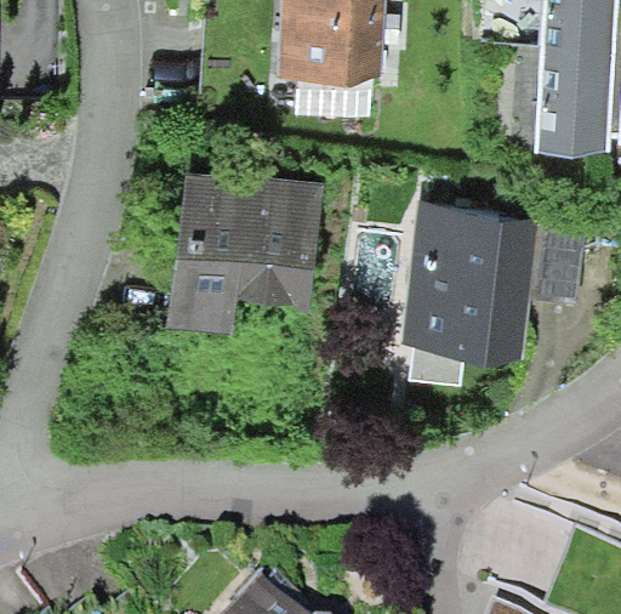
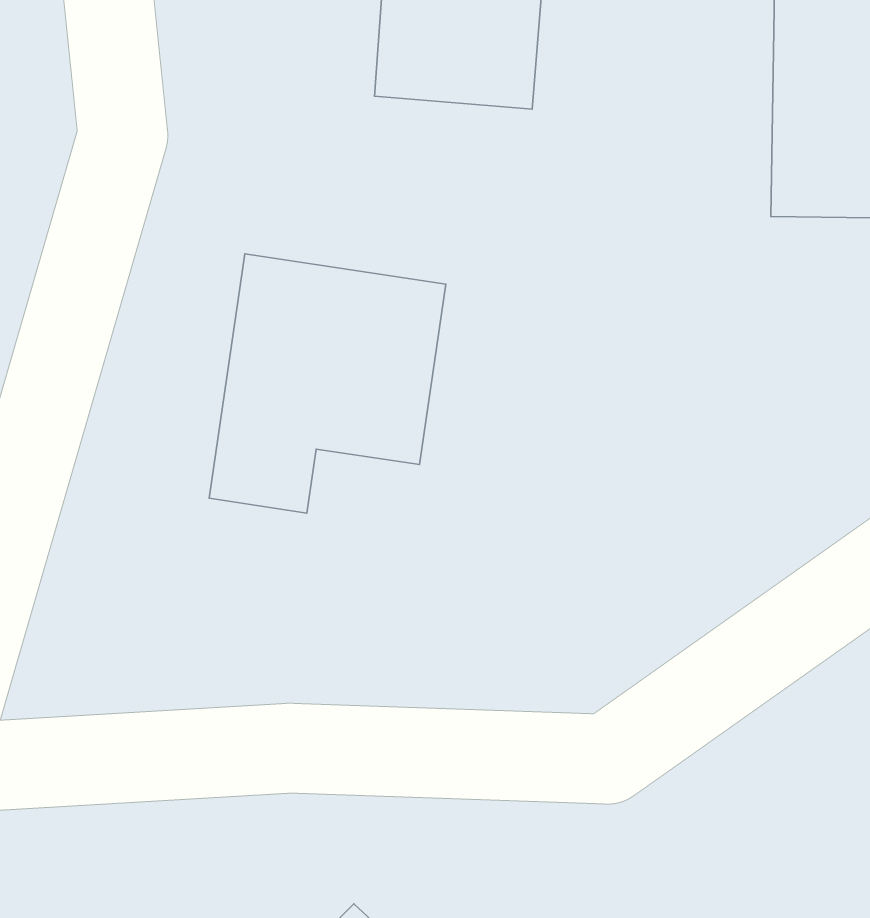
building: [399,204,535,357] -> none

